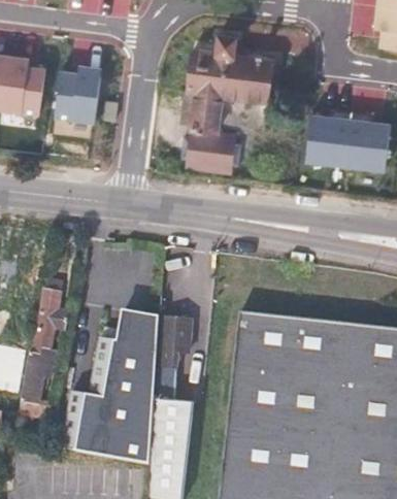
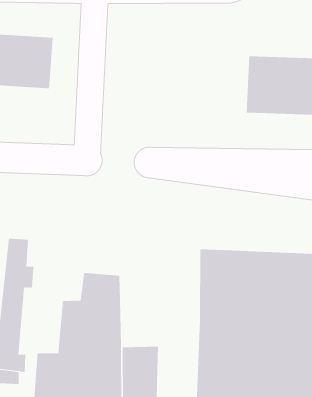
building: [183,46,266,177] -> none
building: [154,321,192,371] -> none

